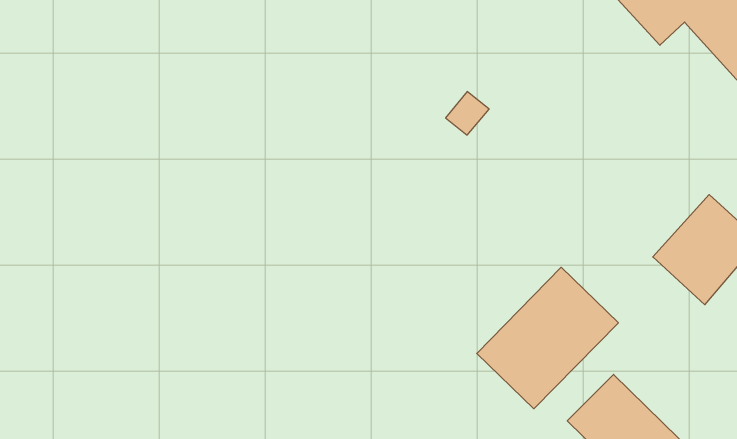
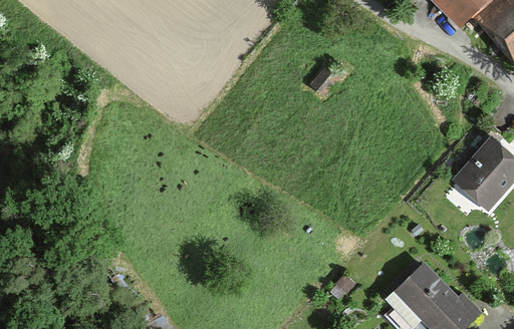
building: [477,267,618,409] -> none

